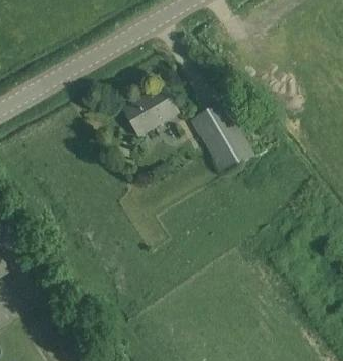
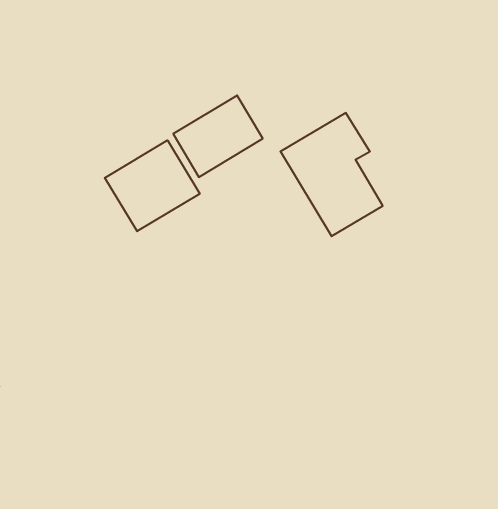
building: none -> [105,140,200,231]

